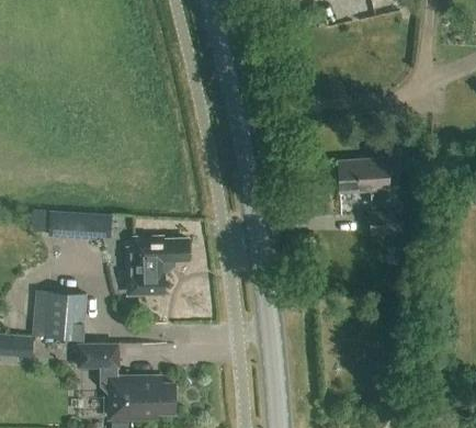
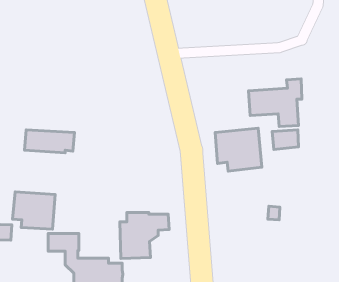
building: none -> [215,128,262,171]
building: [125,238,189,297] -> [120,213,169,258]

